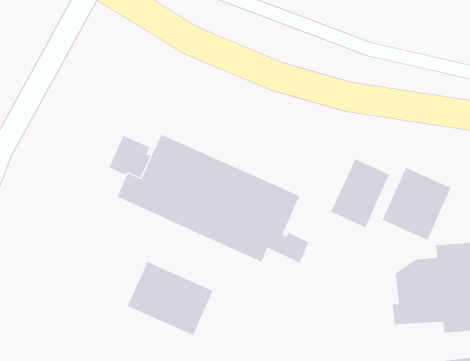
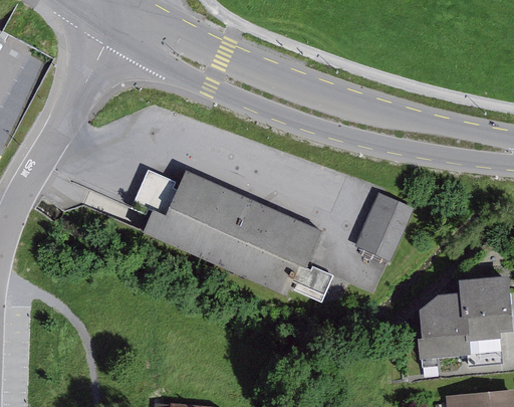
building: [382,167,451,241] -> none
building: [127,261,213,336] -> none

